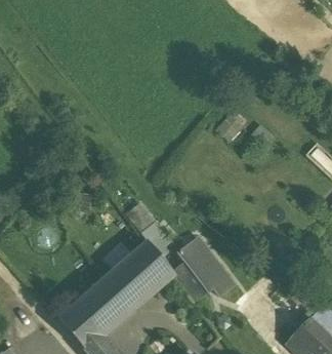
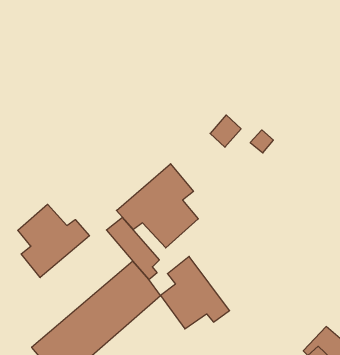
building: none -> [116,164,198,248]
building: none -> [18,204,89,278]

